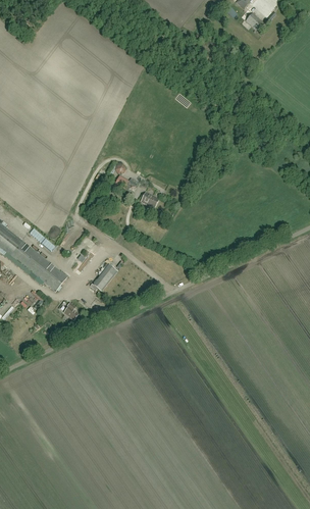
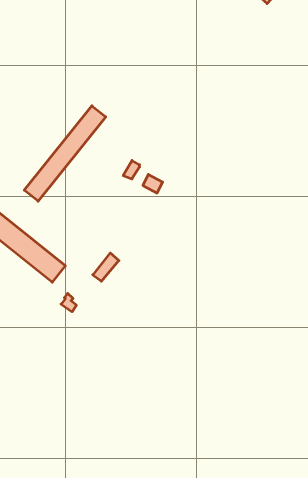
building: none -> [24,106,106,201]

